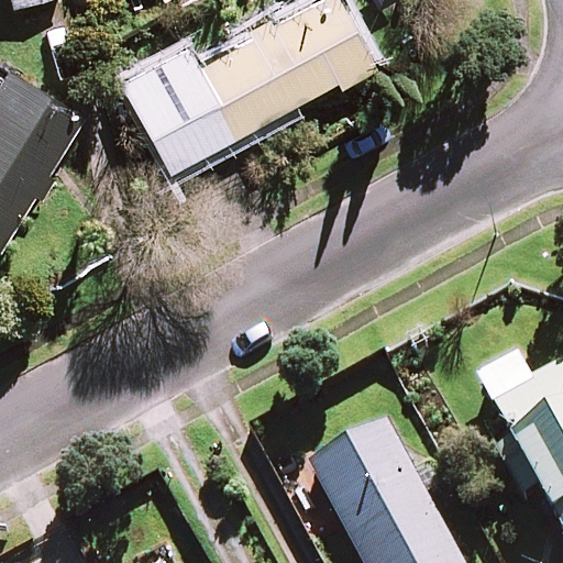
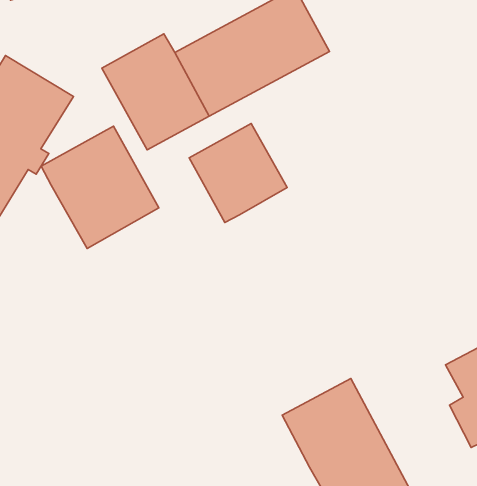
building: none -> [189,123,287,222]
building: none -> [41,126,159,248]

